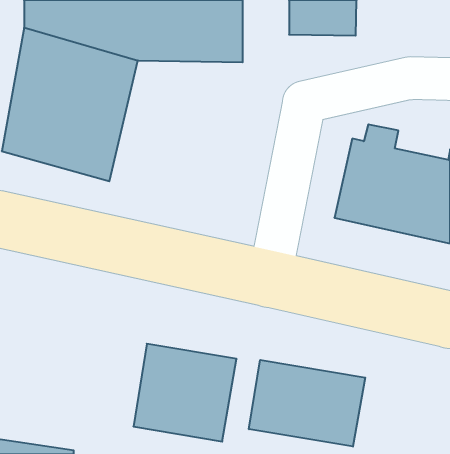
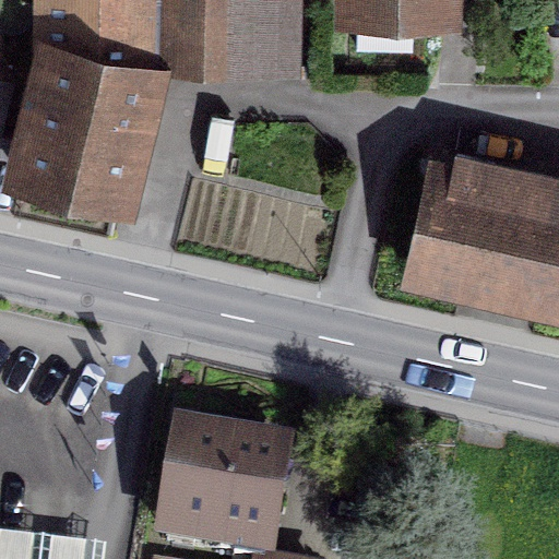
building: [249,360,365,447] -> none

